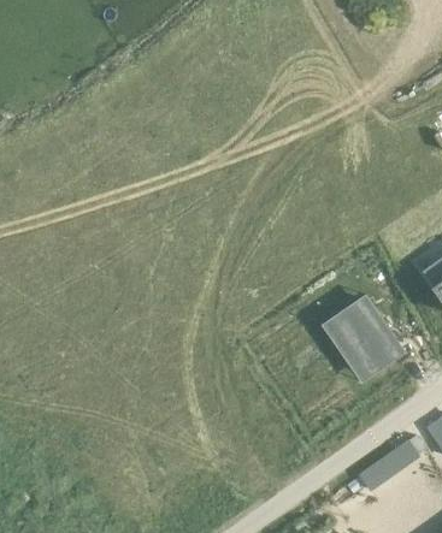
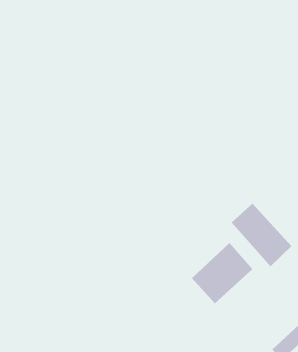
building: none -> [191,242,253,304]

